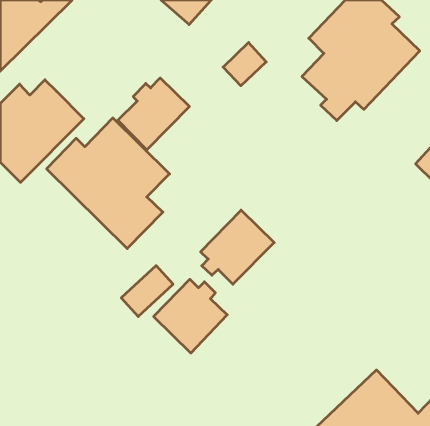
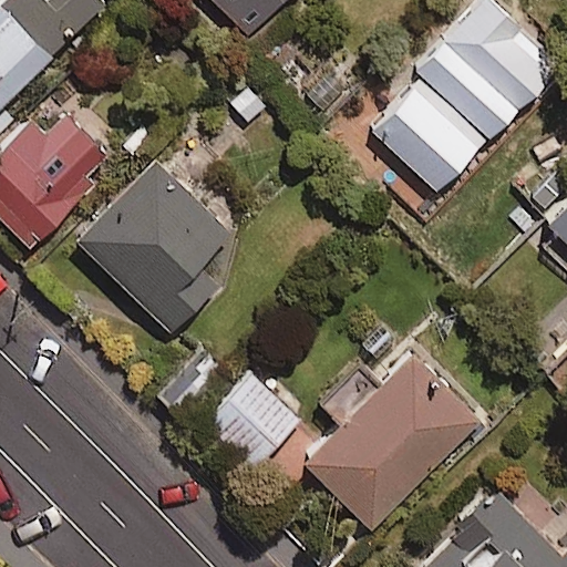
building: [118,78,189,150] -> none
building: [201,210,274,284] -> none
building: none -> [302,353,480,529]

